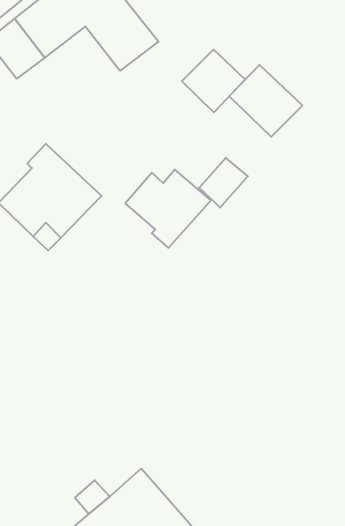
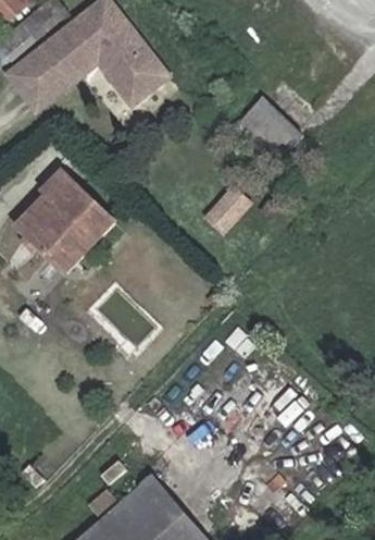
building: [182,50,245,112] -> none
building: [125,169,211,248] -> none

